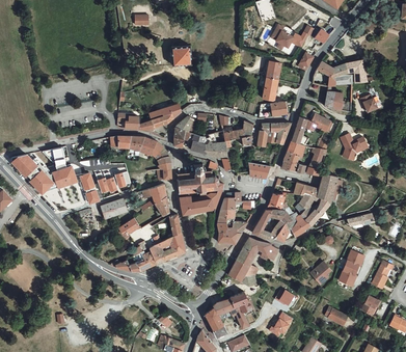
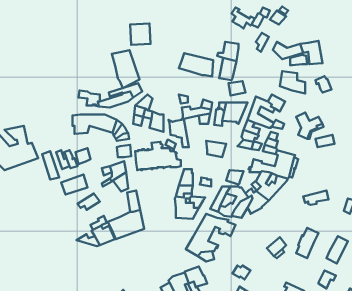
building: none -> [112,50,139,88]
building: none -> [179,53,213,76]
building: [179,193,220,214] -> none

